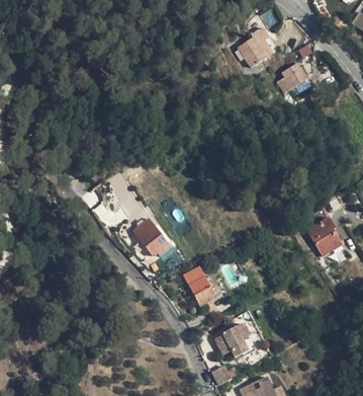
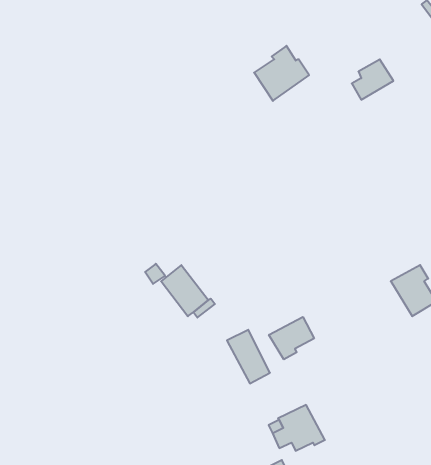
building: [238,26,279,68] -> [254,46,309,101]
building: none -> [269,317,314,359]

